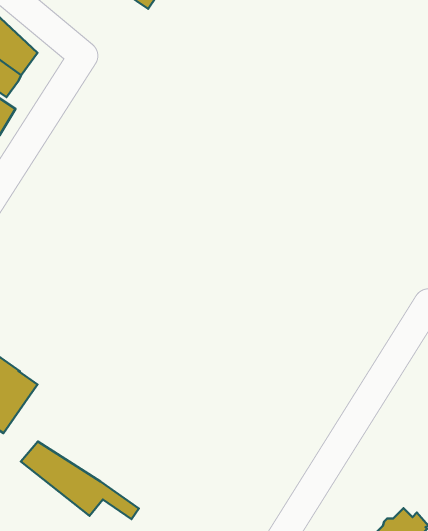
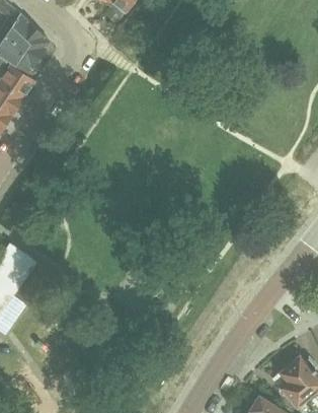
building: [21,441,139,519] -> none

